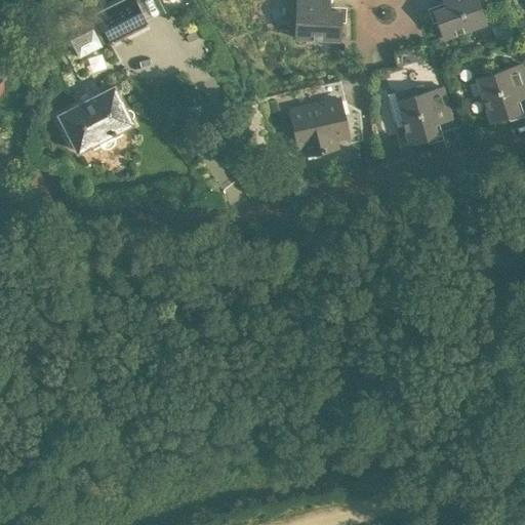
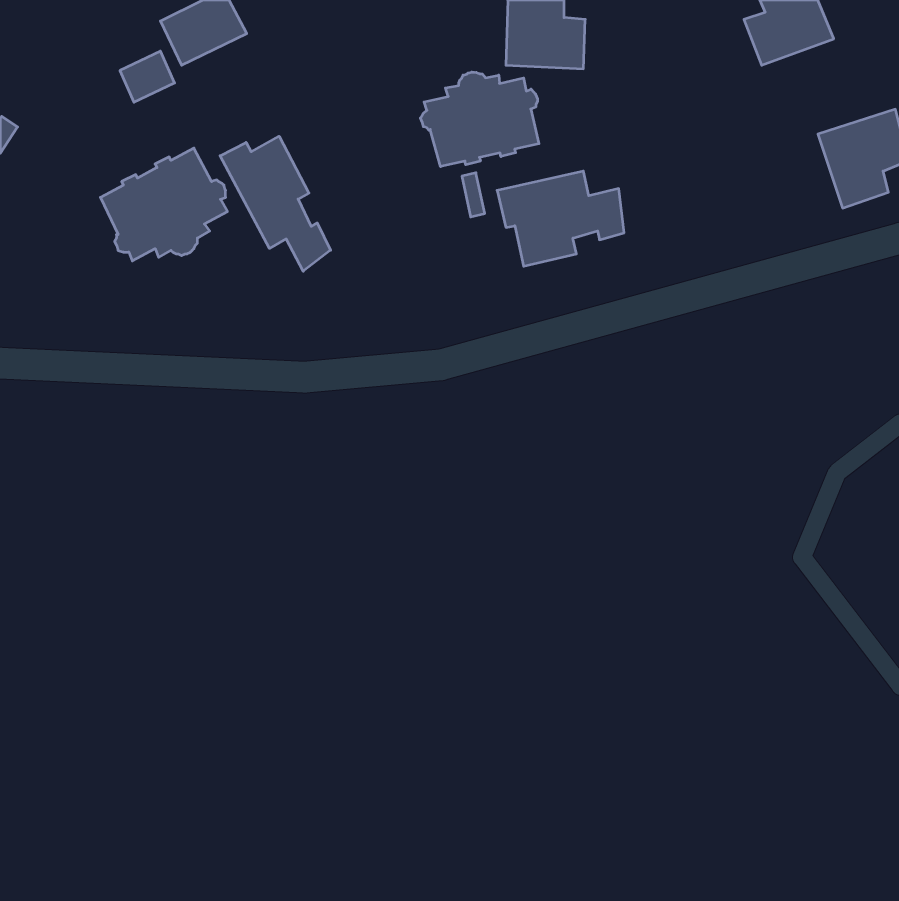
building: none -> [420,72,539,167]
building: none -> [220,136,331,271]
building: [395,84,451,145] -> none

